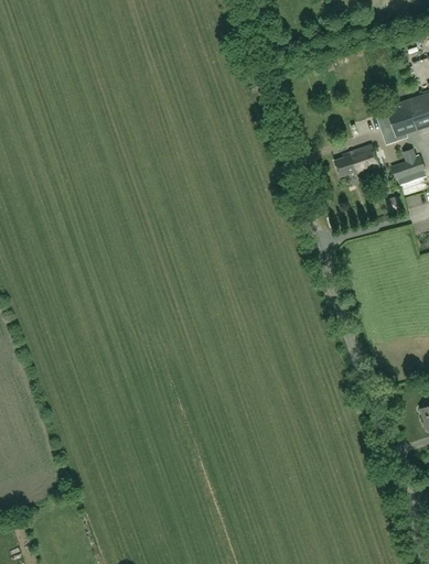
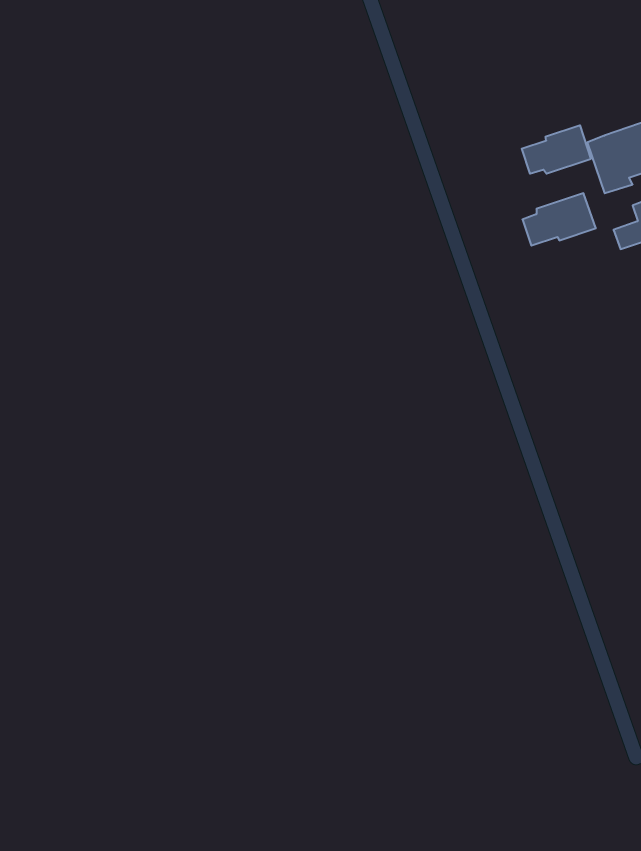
building: none -> [522,125,591,174]

